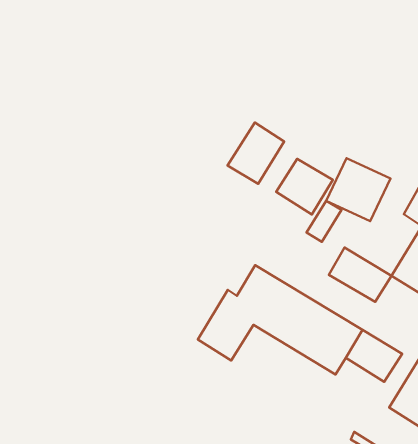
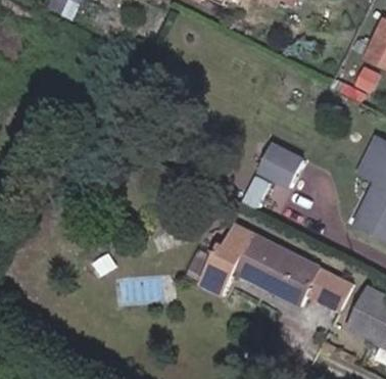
building: [228,123,284,184] -> none
building: [329,247,392,302] -> none

